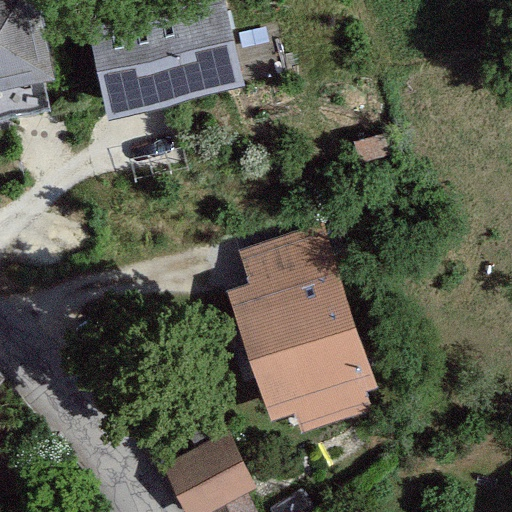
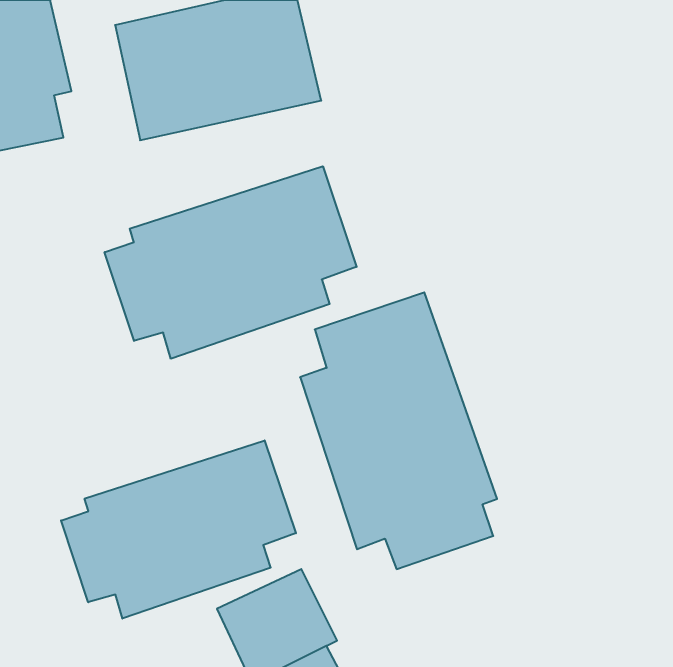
building: none -> [105,166,357,359]
building: none -> [61,440,296,619]

